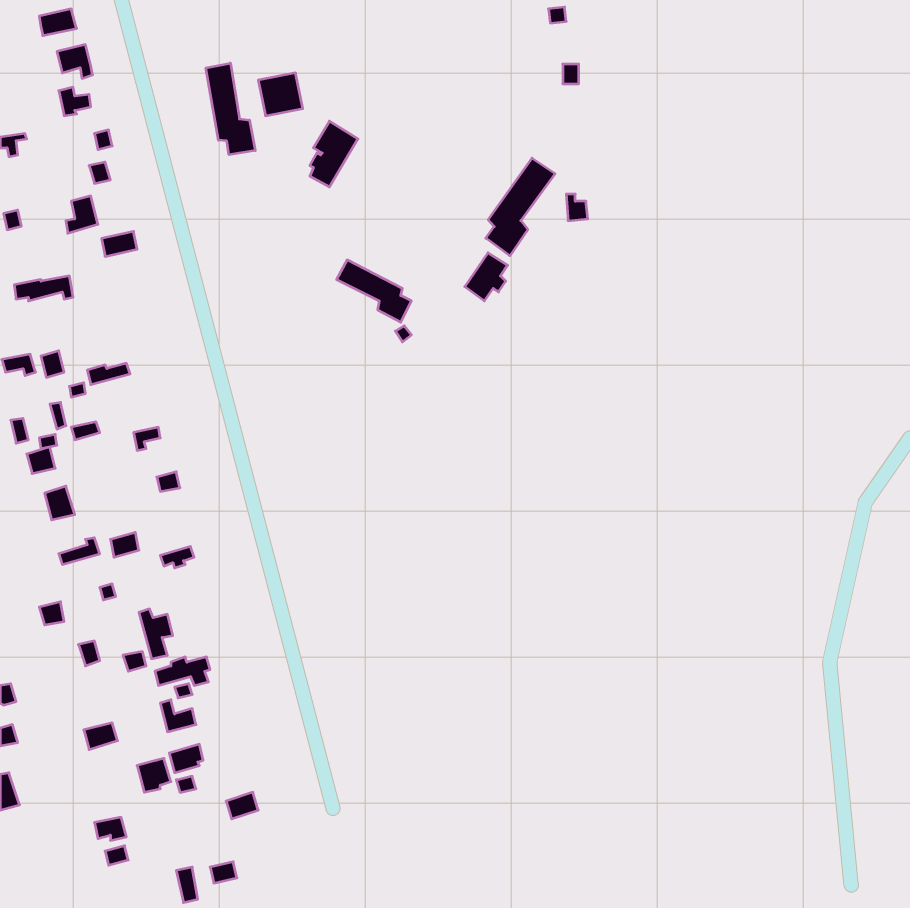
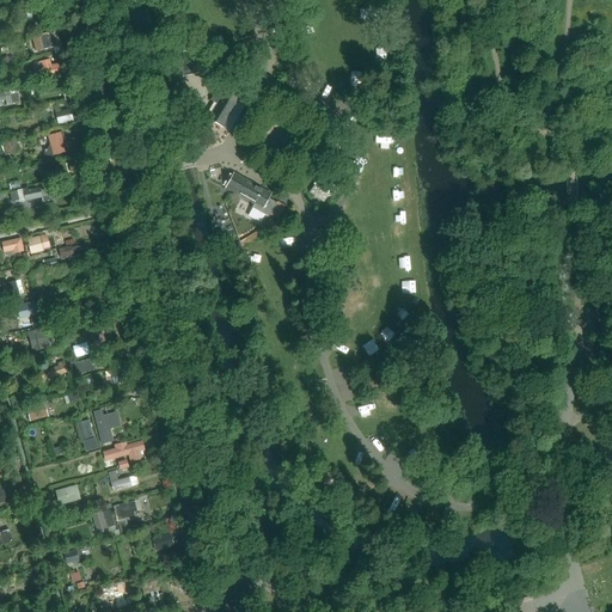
building: [206,63,255,155] -> none
building: [486,158,555,256] -> none

